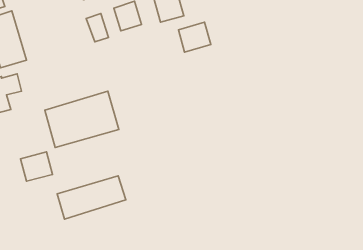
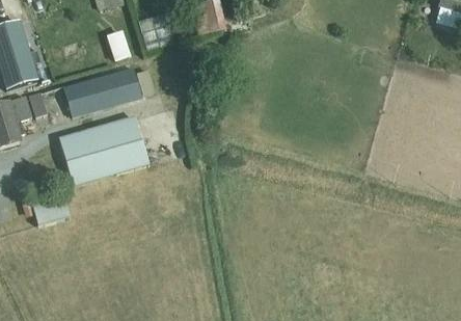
building: [178,22,211,52] -> none
building: none -> [29,69,141,117]
building: [57,176,126,219] -> none

